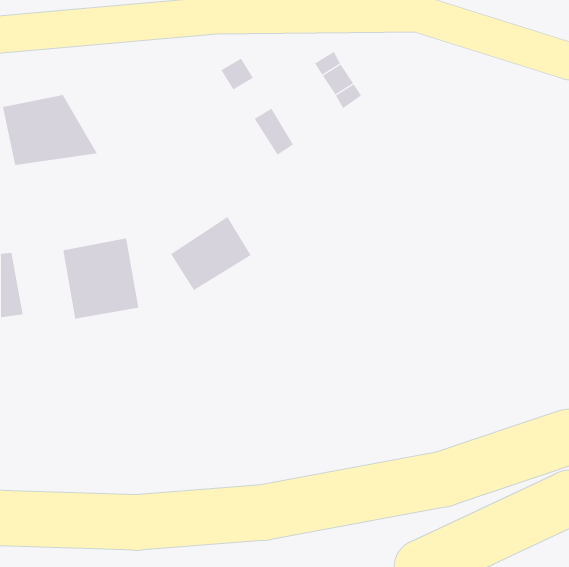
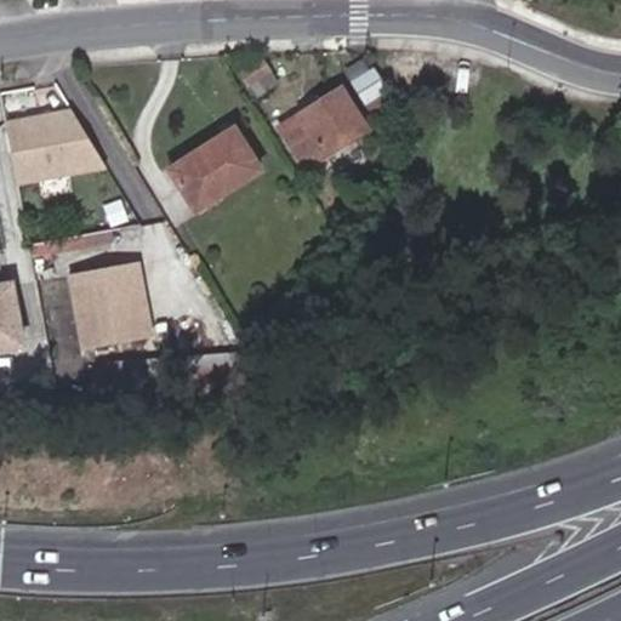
building: none -> [296,90,365,158]
building: [170,216,251,291] -> [170,129,258,210]

